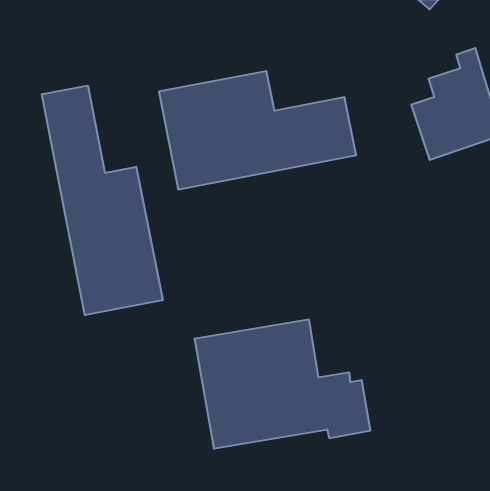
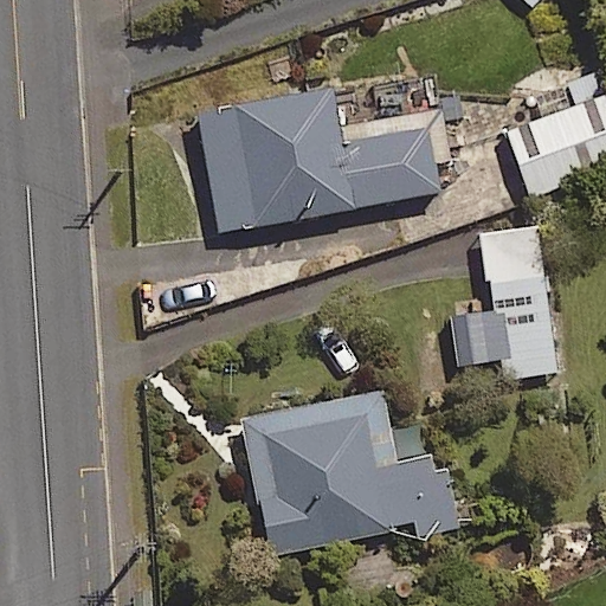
building: [42,86,163,315] -> none
building: none -> [453,225,559,376]

